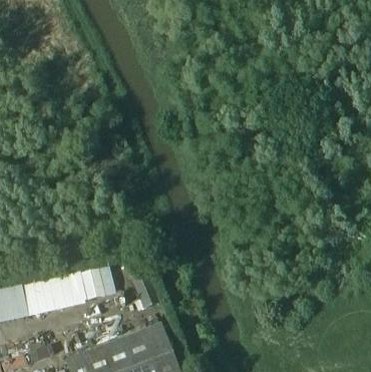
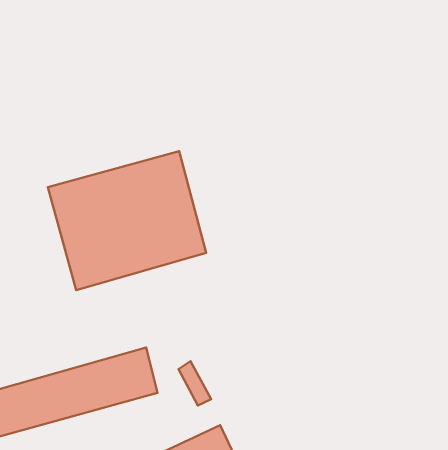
building: none -> [48,151,206,290]

